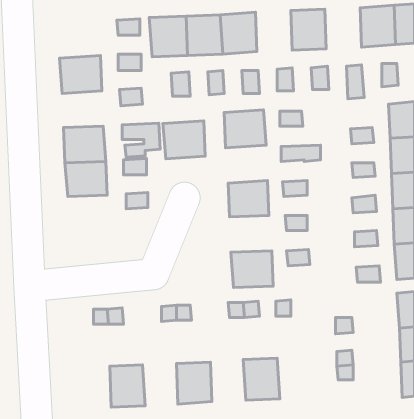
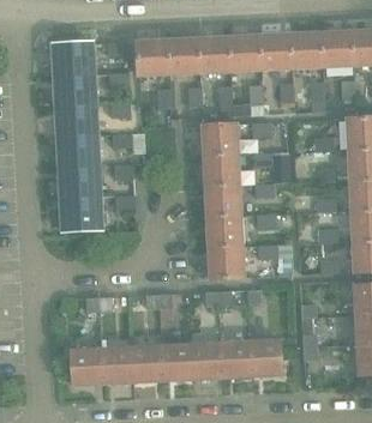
building: none -> [290,31,323,67]
building: none -> [229,34,262,70]
building: none -> [55,42,92,75]
building: none -> [59,104,95,137]
building: [163,121,205,159] -> [203,152,240,186]
building: none -> [64,197,100,230]
building: none -> [206,214,244,247]
building: none -> [248,339,281,376]
building: none -> [190,342,221,379]
building: none -> [130,345,161,382]
building: none -> [71,348,102,385]

